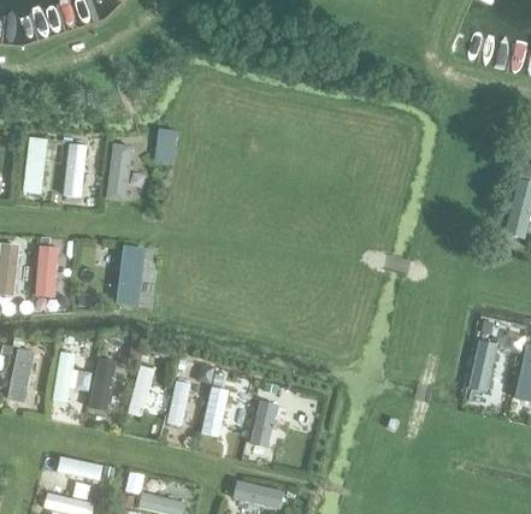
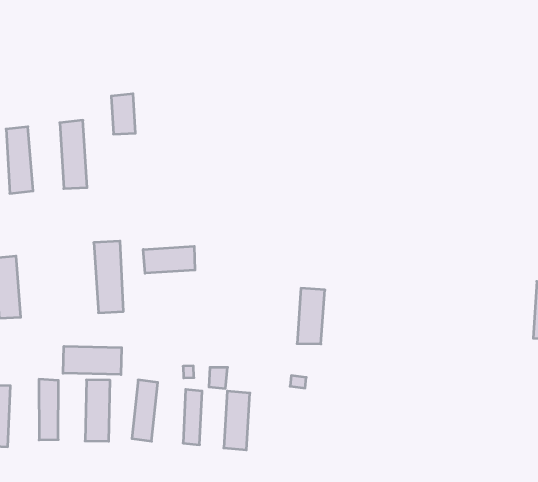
building: none -> [143,246,195,273]
building: none -> [63,346,122,375]
building: [248,398,278,447] -> [297,288,325,344]

